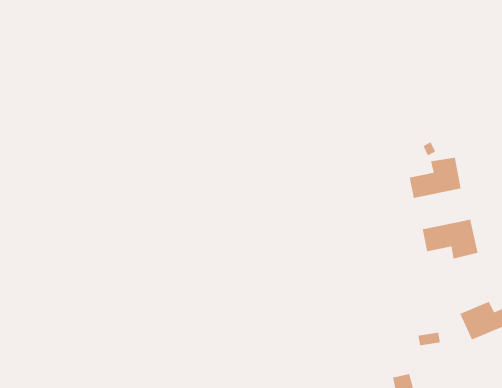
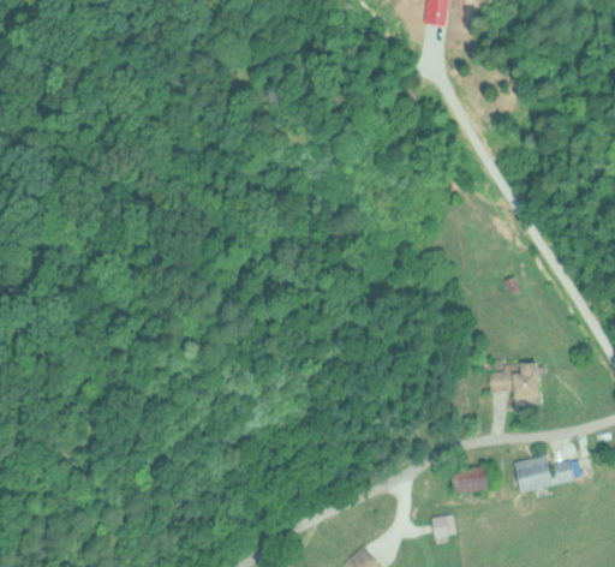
building: [409,157,462,199] -> none

